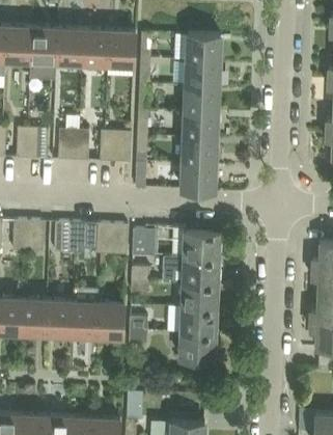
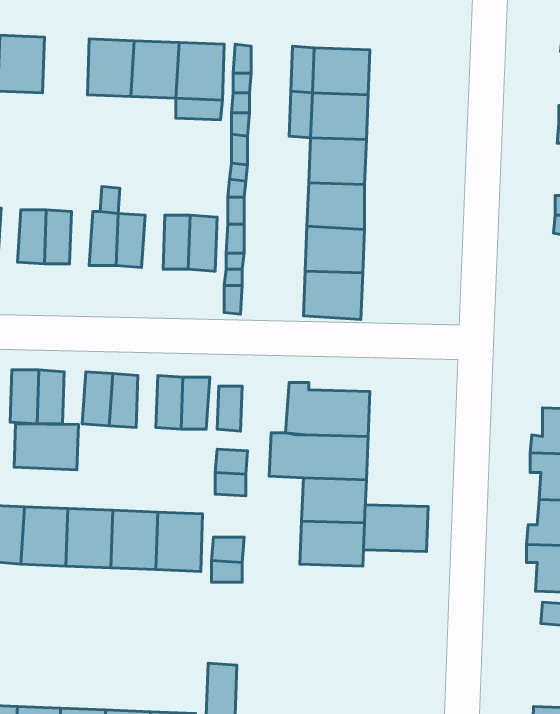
building: [31,28,59,80] -> none
building: none -> [14,424,78,470]
building: [179,332,217,359] -> [364,505,428,552]

